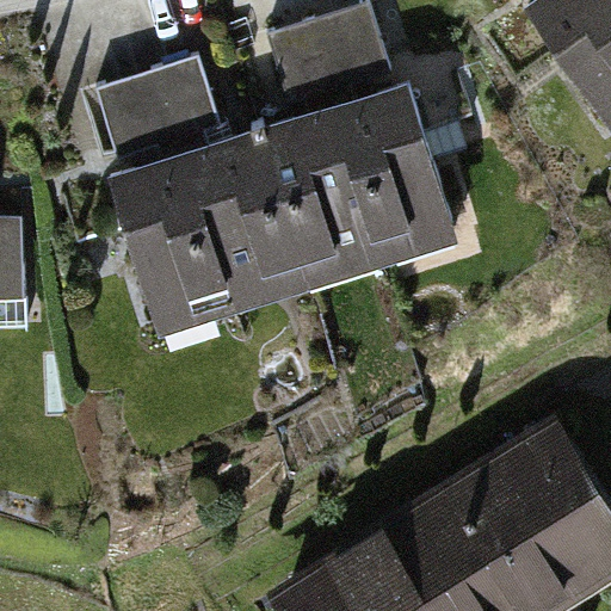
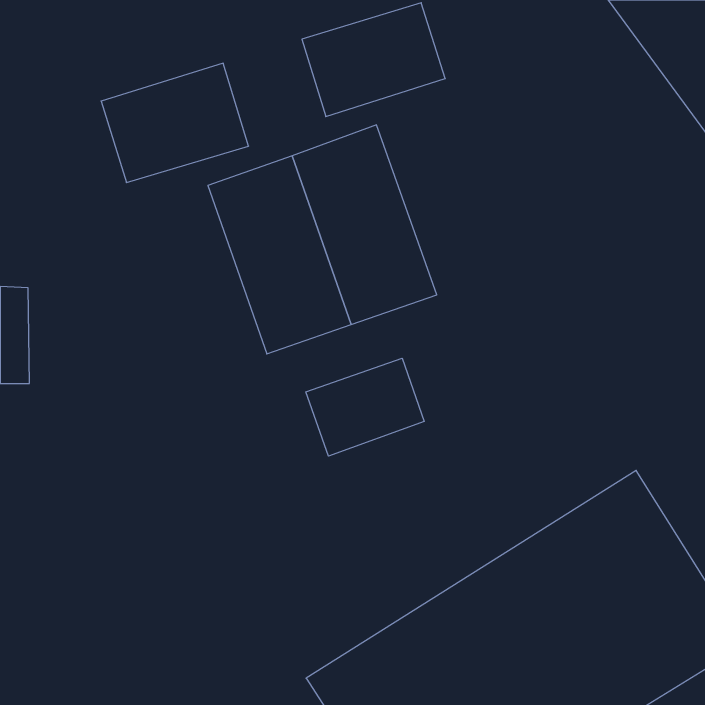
building: [331,92,453,261] -> none
building: [115,168,237,337] -> none
building: none -> [306,358,424,456]

